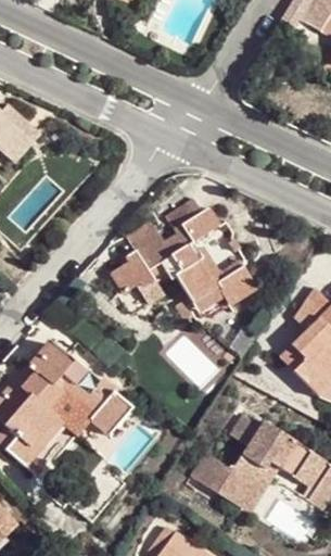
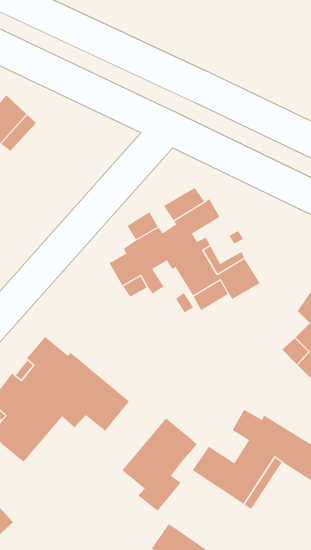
building: none -> [122,418,198,511]

